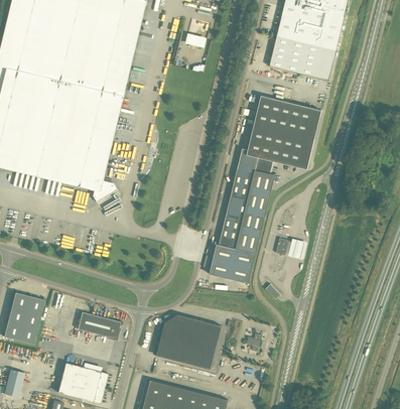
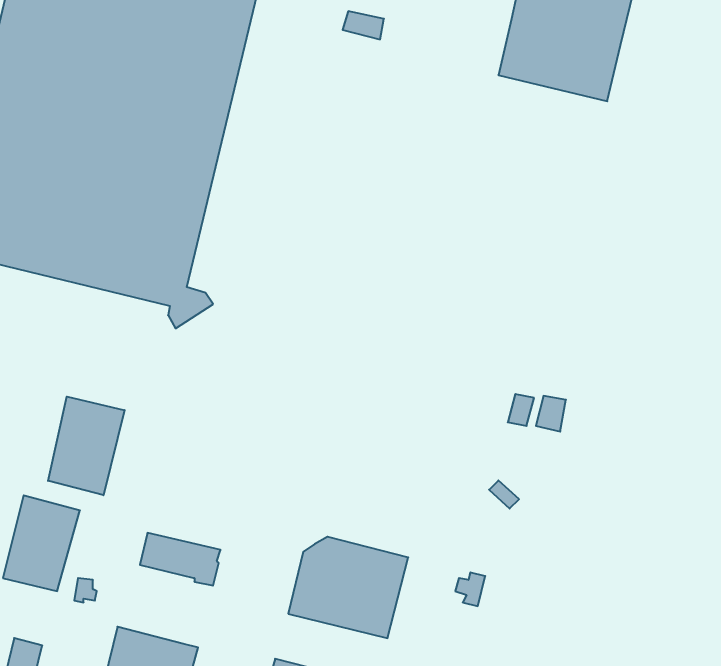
building: [210,96,321,283] -> none
building: none -> [48,397,125,495]

